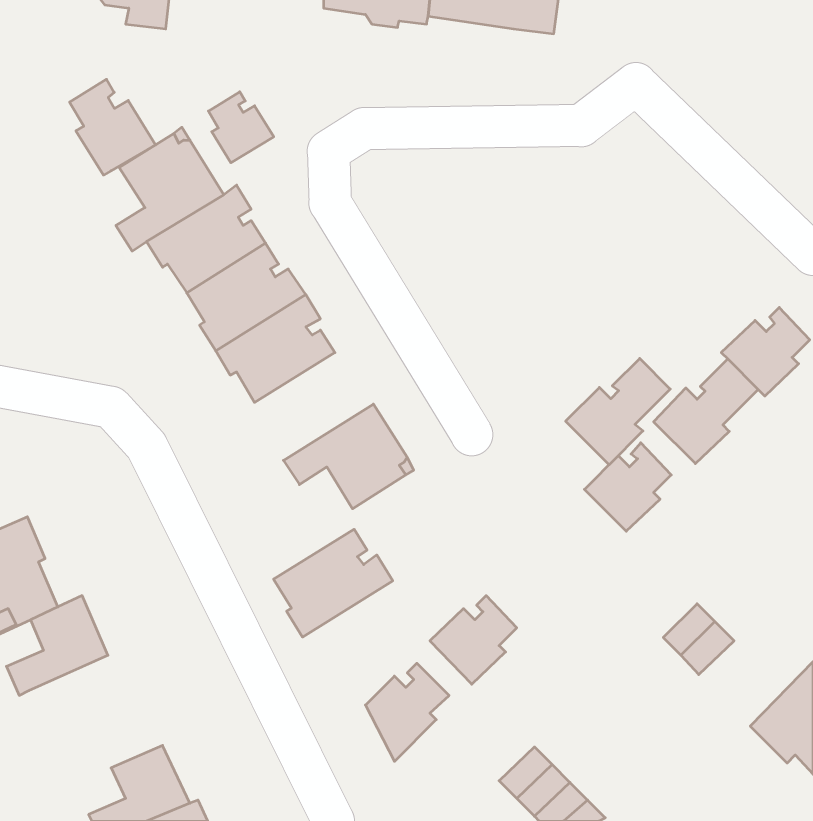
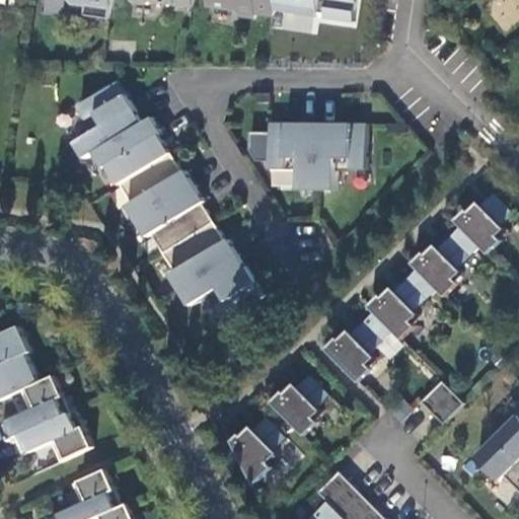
building: [70,79,156,175] -> none
building: [208,92,274,163] -> none
building: none -> [266,123,364,190]
building: [566,358,670,465] -> [324,311,390,378]
building: [274,529,393,637] -> [160,222,235,290]
building: none -> [18,410,90,462]

